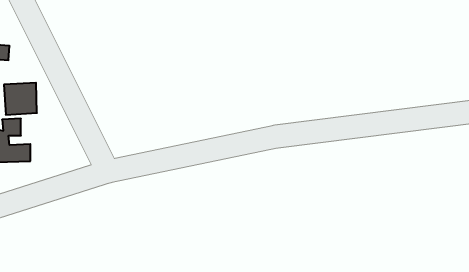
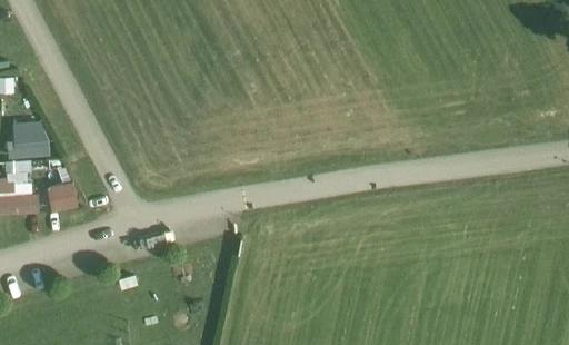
building: none -> [47,183,78,213]

